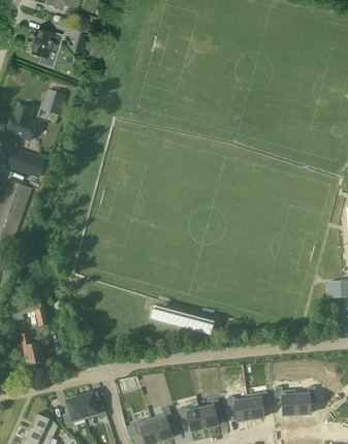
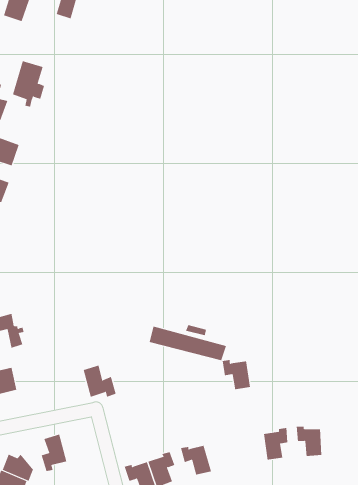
building: [293,388,314,414] -> none
building: [78,392,106,419] -> [83,365,117,398]
building: [225,395,249,420] -> [222,360,251,390]
building: [197,399,220,427] -> none

